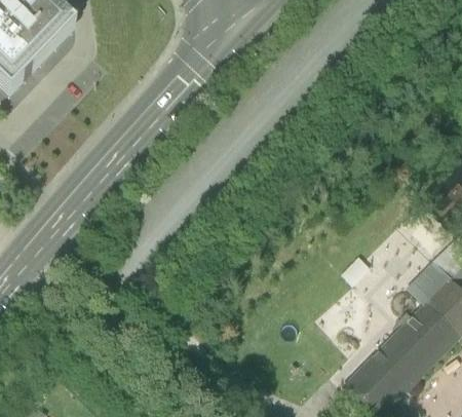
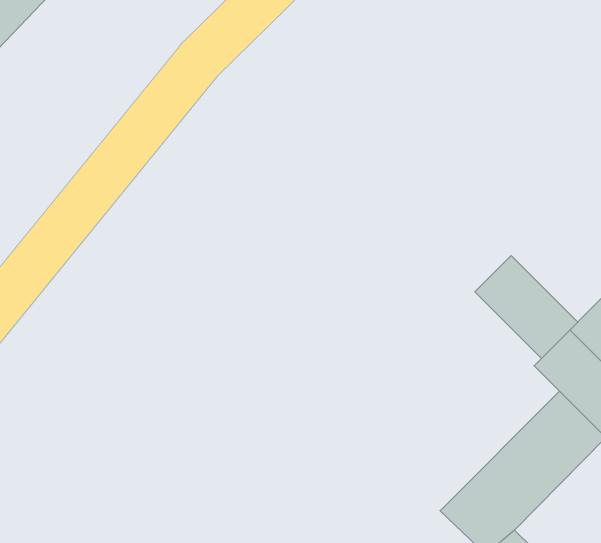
building: none -> [475,256,578,358]

